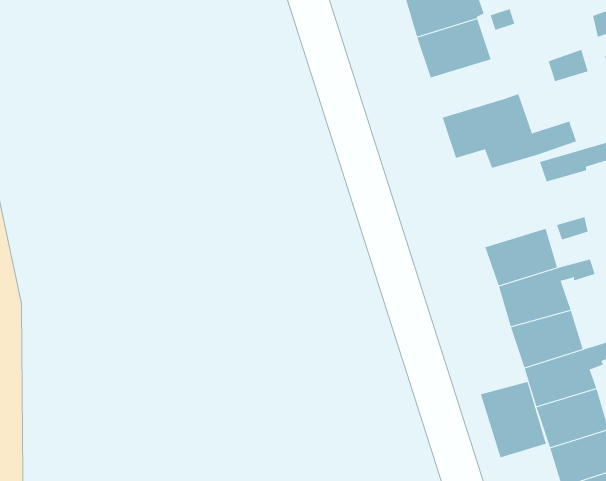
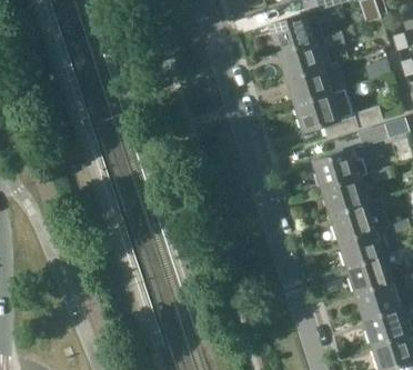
building: none -> [285,66,333,103]
building: none -> [313,148,364,188]
building: [480,381,546,458] -> none

